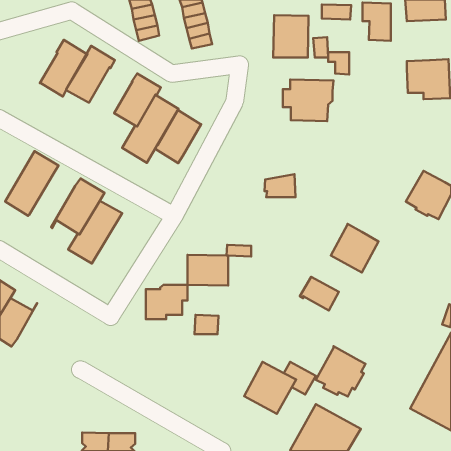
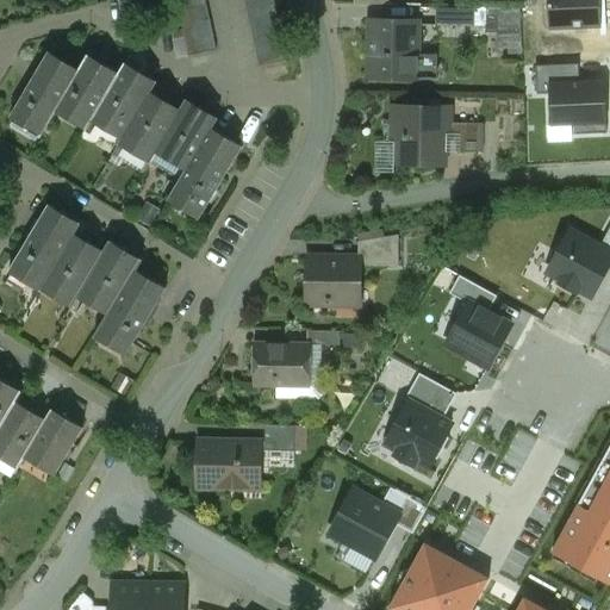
building: none -> [8,51,77,138]
building: none -> [535,63,579,94]
building: [328,52,349,74] -> [448,123,477,152]
building: [155,110,201,163] -> [117,91,179,162]
building: none -> [39,234,101,306]
building: none -> [305,257,360,304]
building: none -> [449,275,497,312]
building: [146,285,187,319] -> [201,441,257,487]
building: none -> [23,409,81,475]
building: [316,346,365,397] -> [385,399,452,467]

